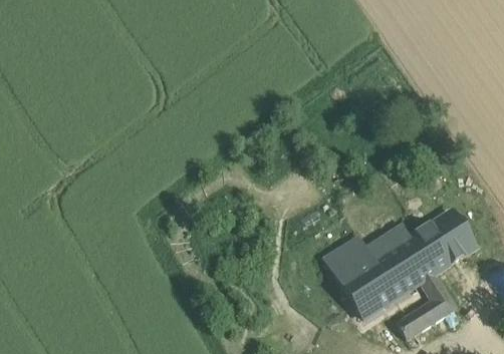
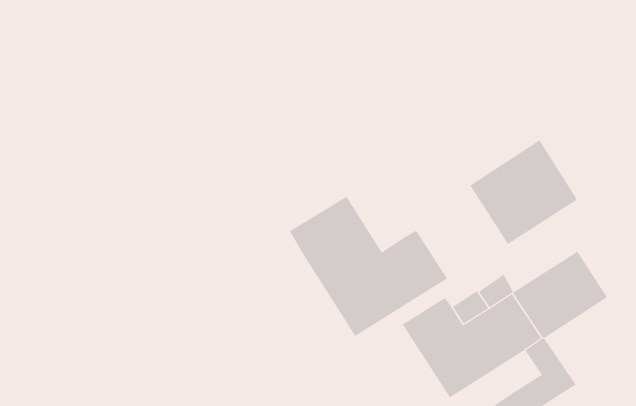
building: none -> [469,140,577,245]
building: none -> [289,196,448,337]

